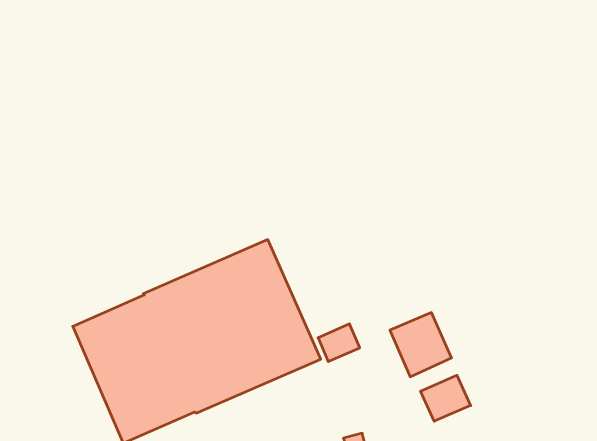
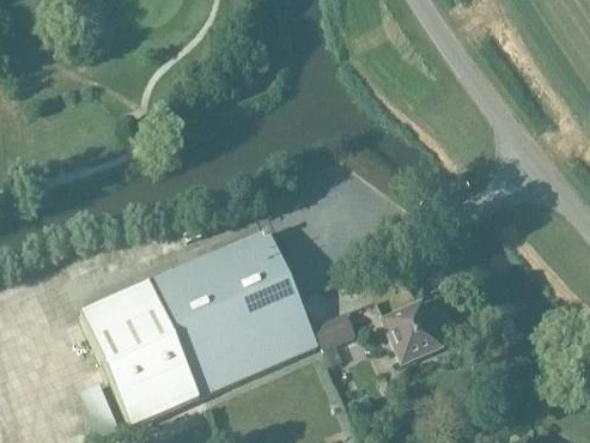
building: [421,375,471,421] -> none

